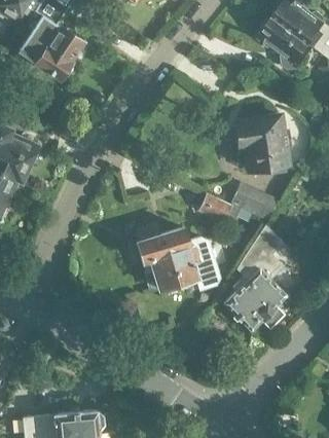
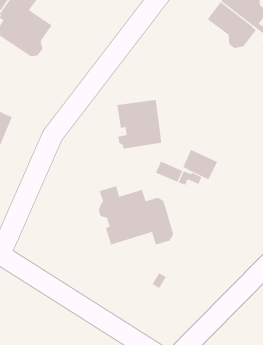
building: [235,113,287,170] -> [117,99,162,149]
building: [223,223,286,330] -> none

